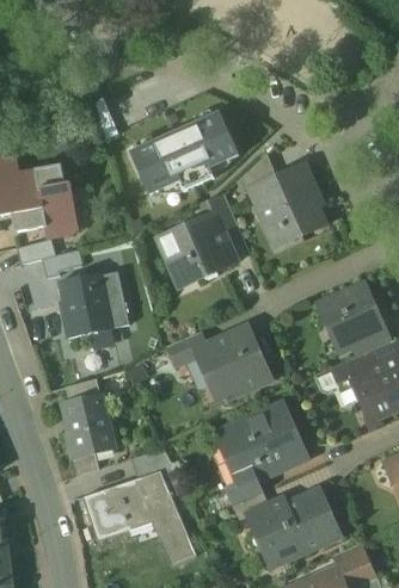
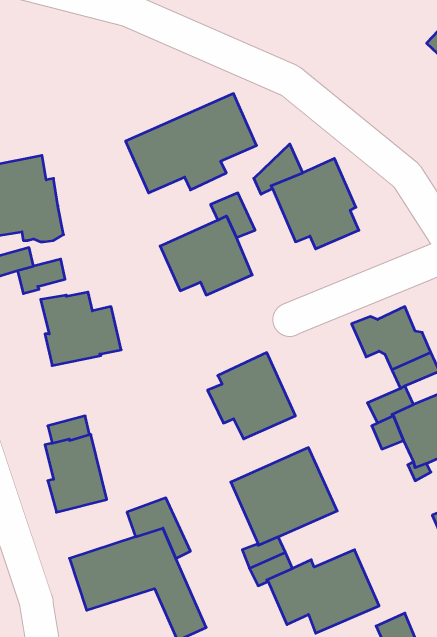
building: [167,330,210,366] -> none

